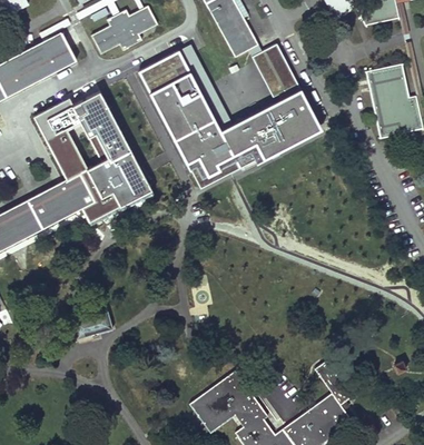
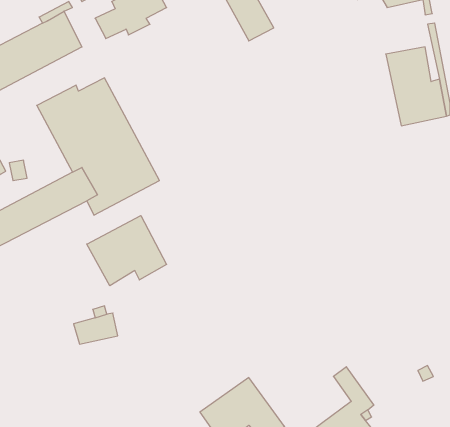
building: [140,41,323,185] -> none
building: none -> [87,216,167,286]

